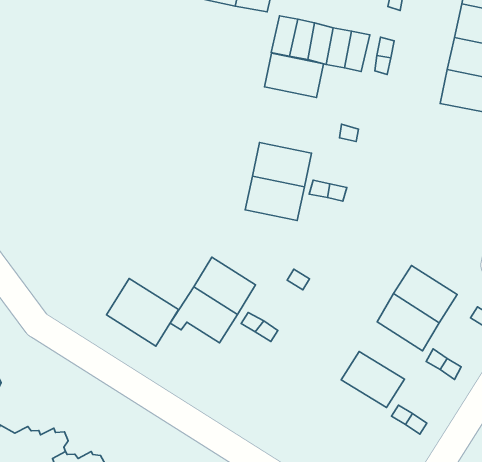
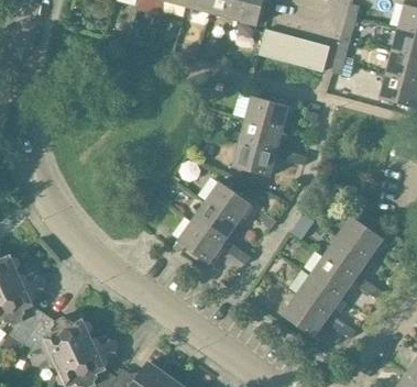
building: [264,53,324,98] -> [245,96,289,130]
building: none -> [206,181,251,223]
building: [107,278,178,346] -> none
building: none -> [309,255,355,298]
building: none -> [281,296,327,338]

